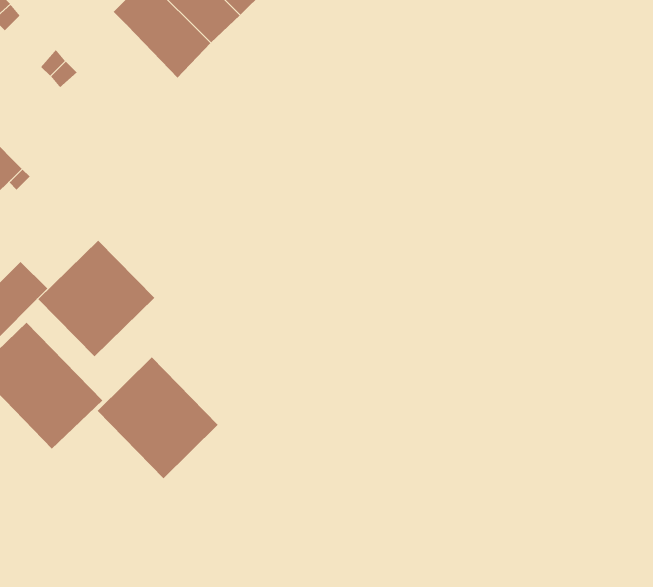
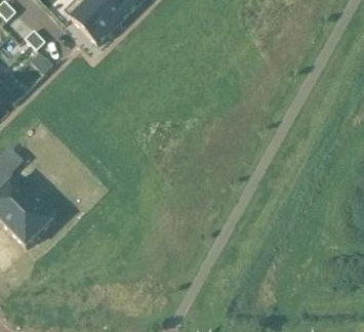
building: [37,240,155,357] -> none
building: [97,356,218,479] -> none

